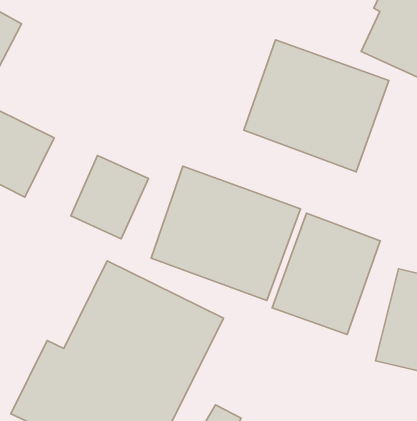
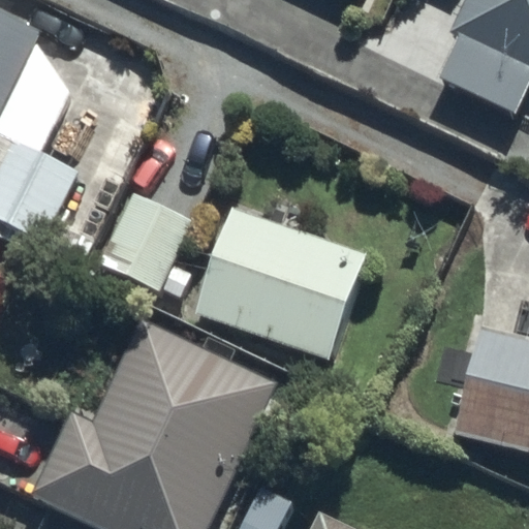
building: [244,40,389,172] -> none
building: [272,213,380,335] -> none

